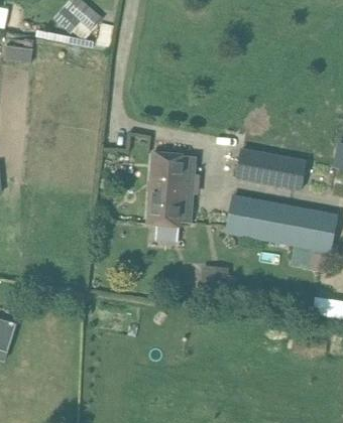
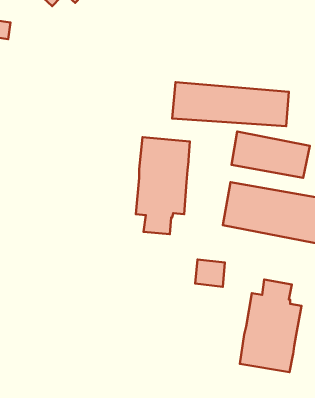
building: none -> [172,82,289,126]
building: none -> [240,280,302,372]

